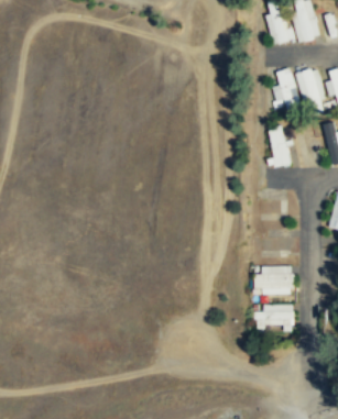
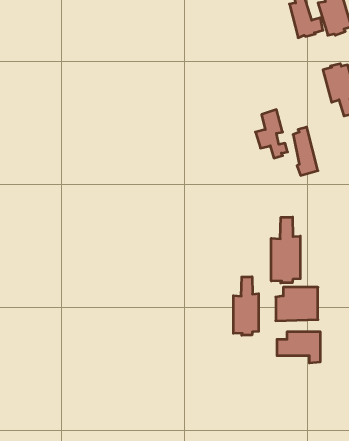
building: [271,67,299,110] -> [255,110,288,158]
building: none -> [271,217,300,283]
building: none -> [233,277,259,335]

